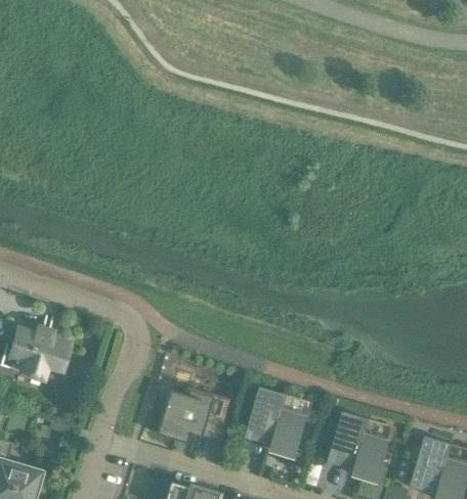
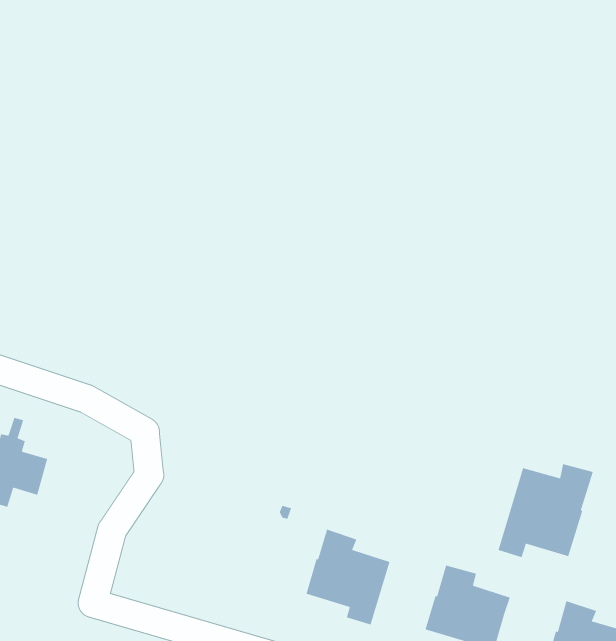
building: none -> [497,463,594,558]
building: [157,389,228,442] -> none

